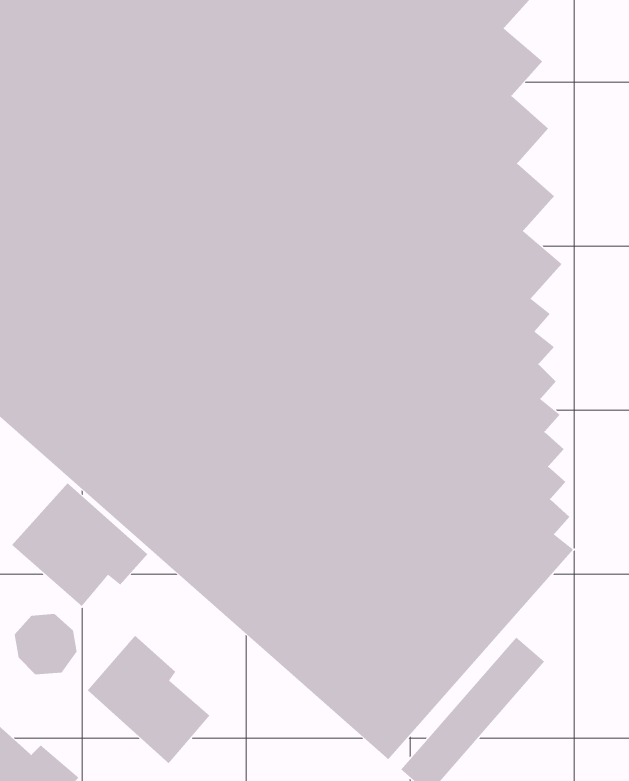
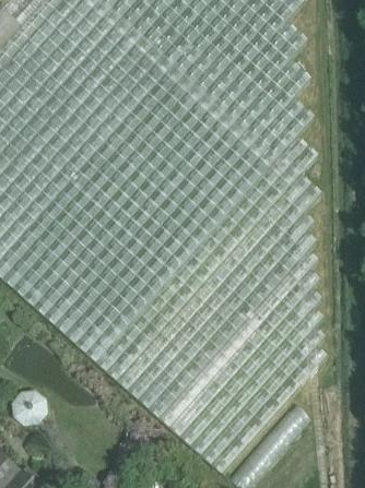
building: [11,483,148,607] -> none
building: [87,635,211,764] -> none

